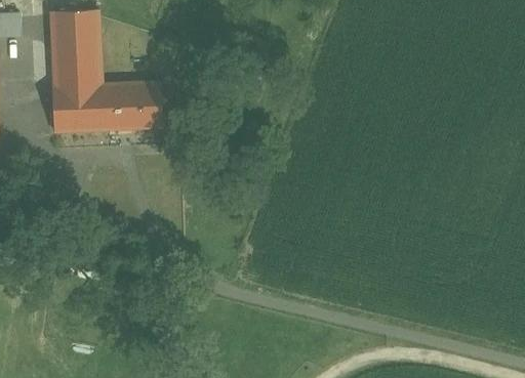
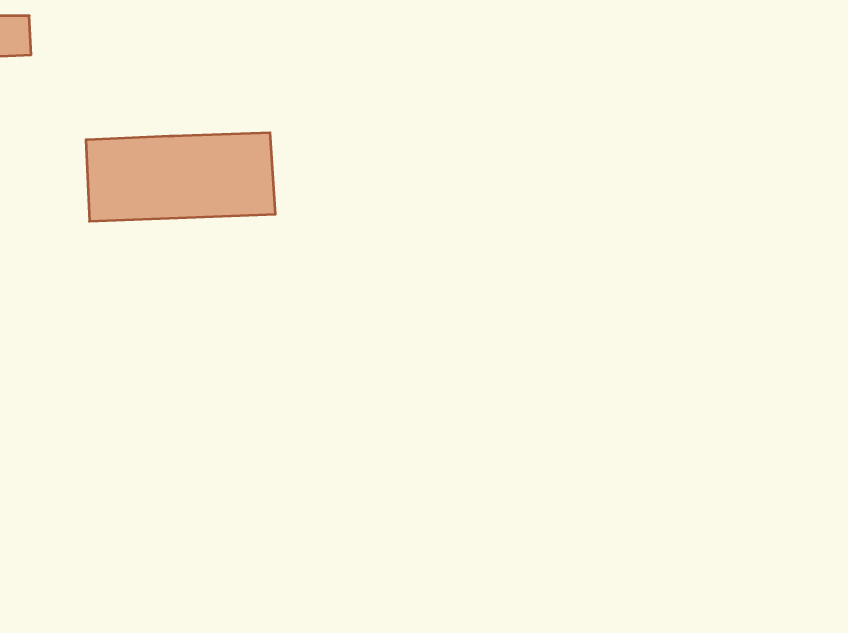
building: [49,9,103,85] -> none

